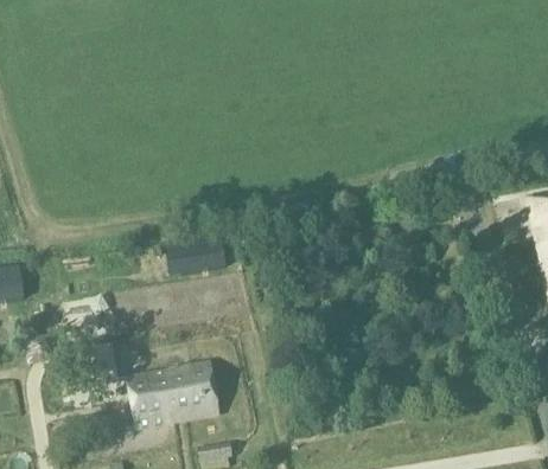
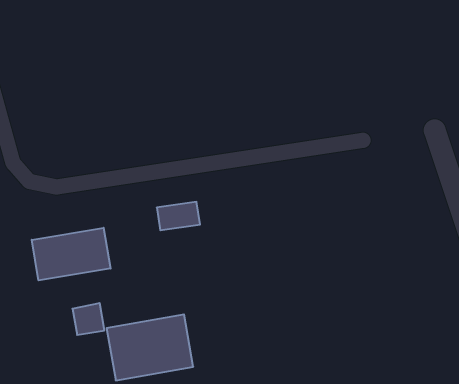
building: none -> [32,228,111,280]

